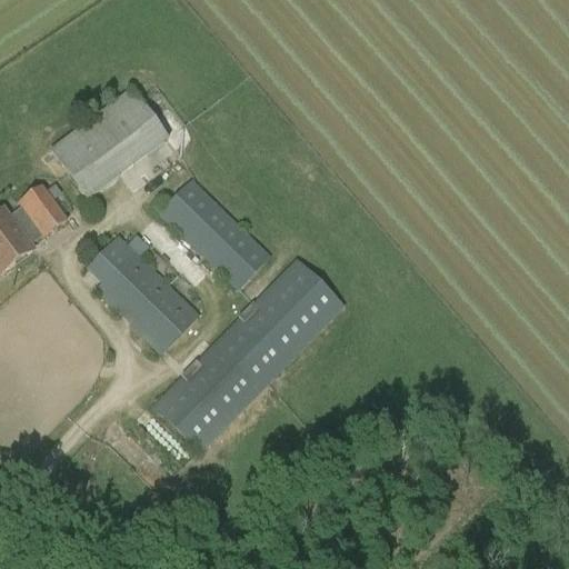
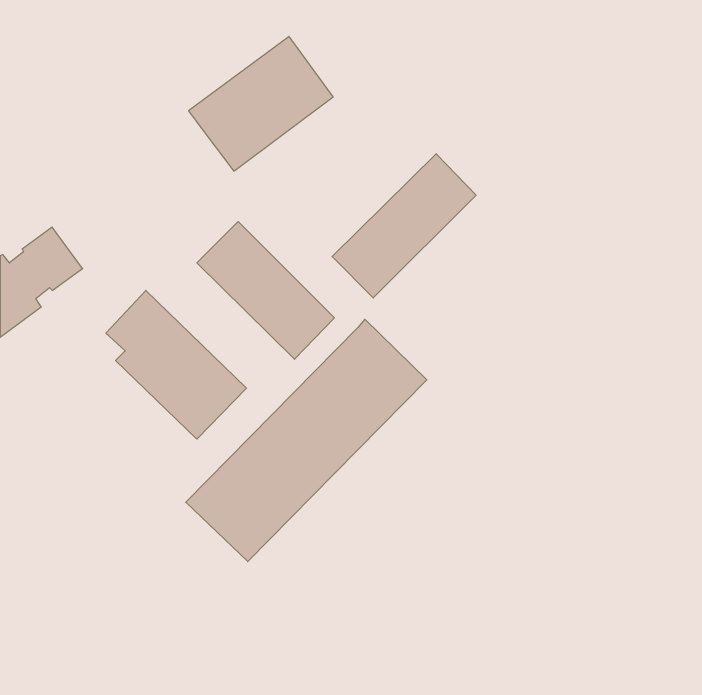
building: [51,88,168,197] -> [189,36,333,171]
building: none -> [332,154,476,298]

